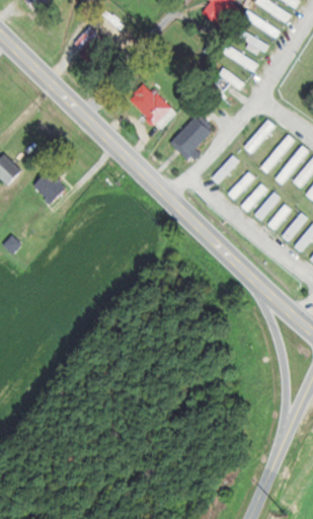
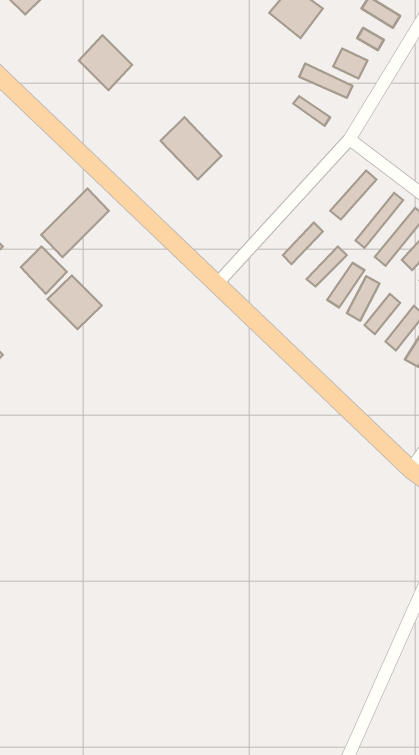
building: [173,121,212,162] -> none
building: none -> [41,188,109,257]
building: none -> [47,276,102,329]

